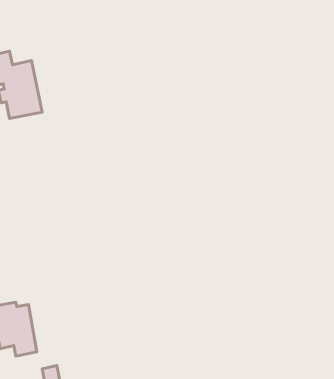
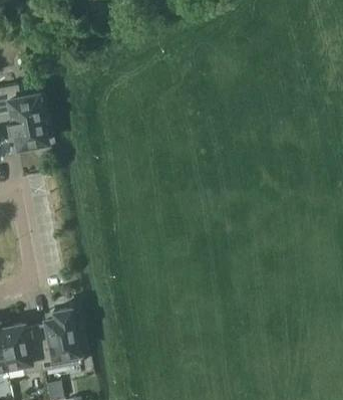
building: none -> [35,309,80,371]

